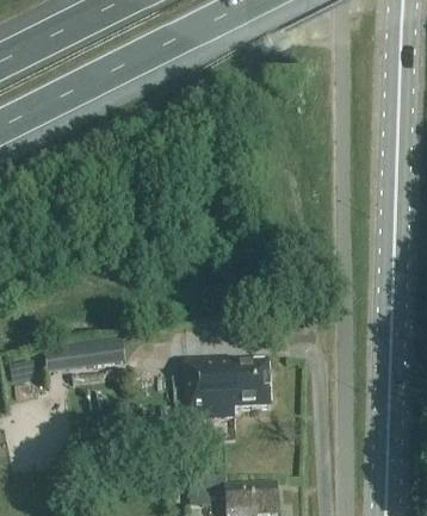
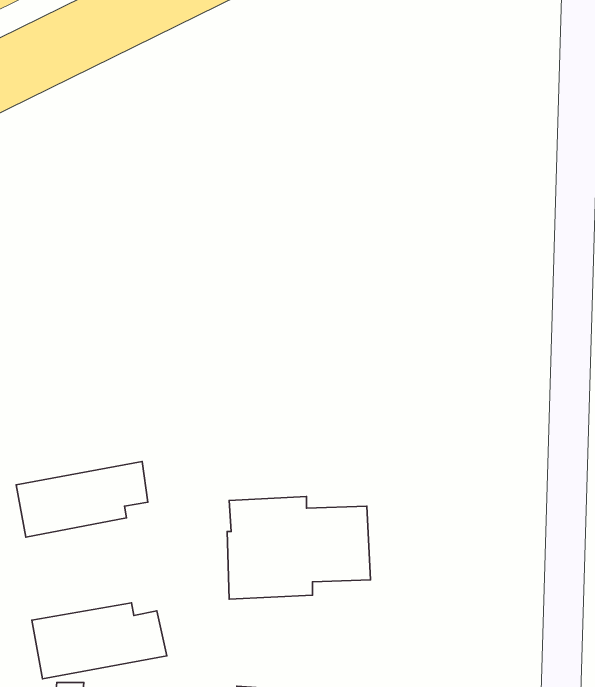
building: none -> [32,603,167,679]

